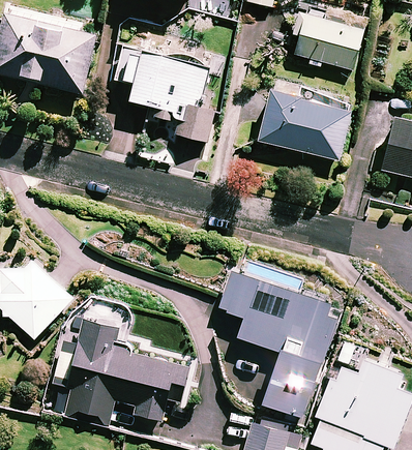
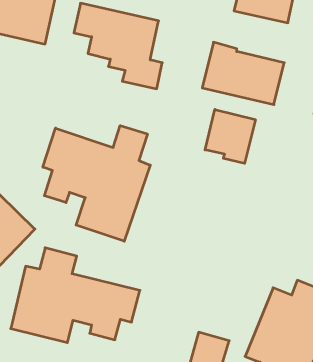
building: none -> [205,109,255,163]
building: none -> [43,126,150,241]
building: [218,260,335,418] -> none

